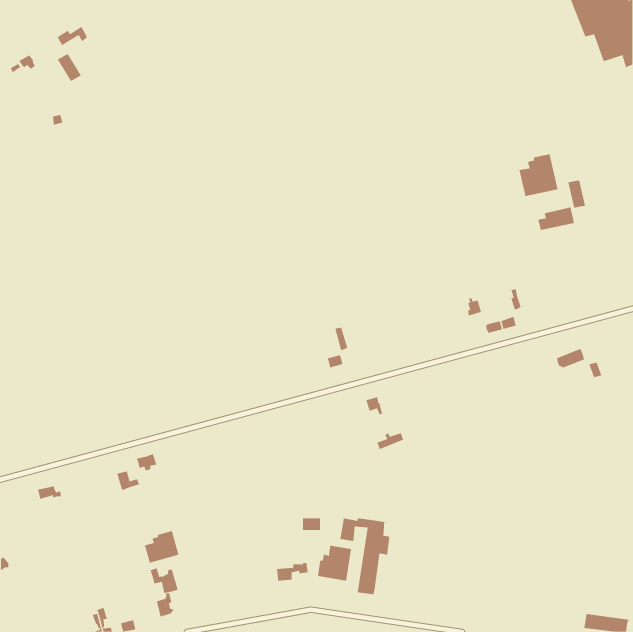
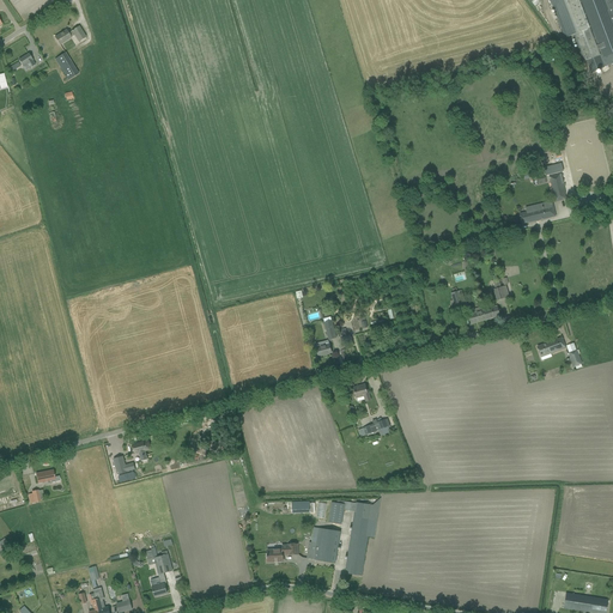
building: [519,153,558,197] -> none
building: [144,530,179,563] -> none

